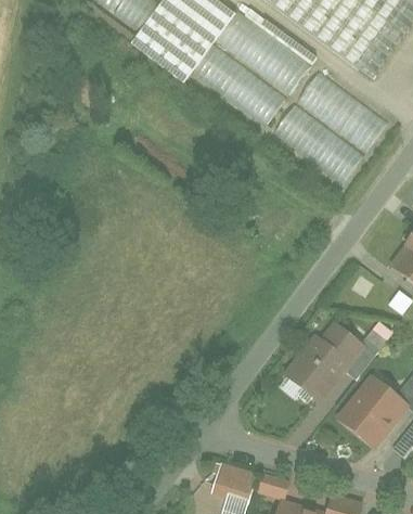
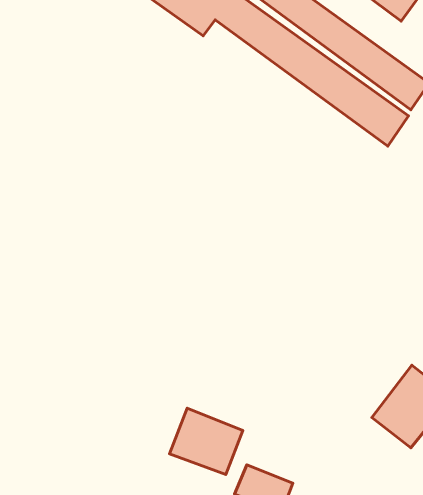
building: [286,316,375,412] -> none
building: none -> [169,408,243,475]

